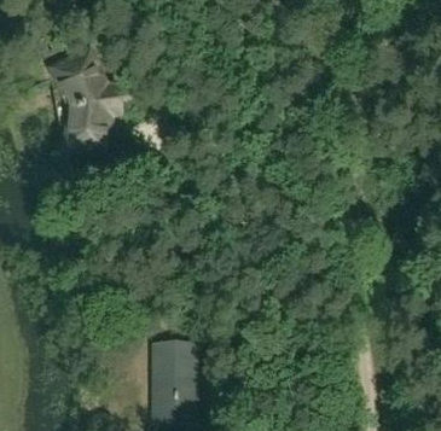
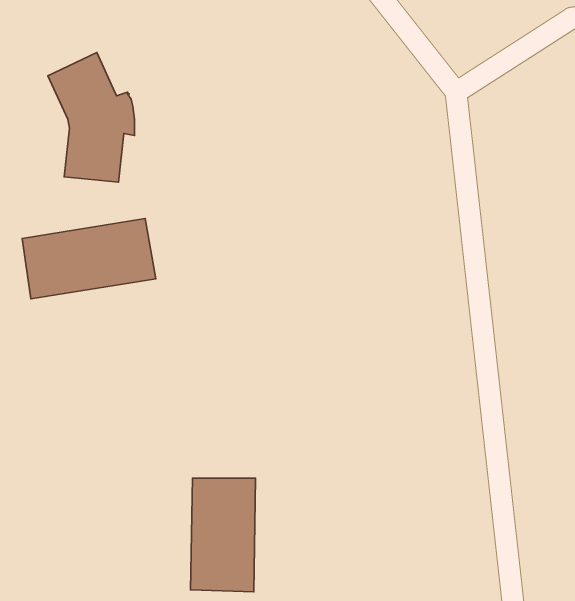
building: none -> [22,219,156,299]

